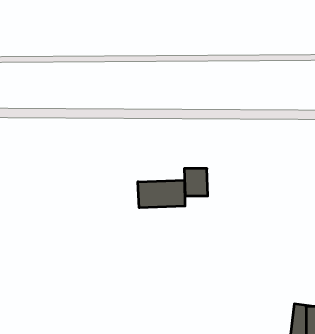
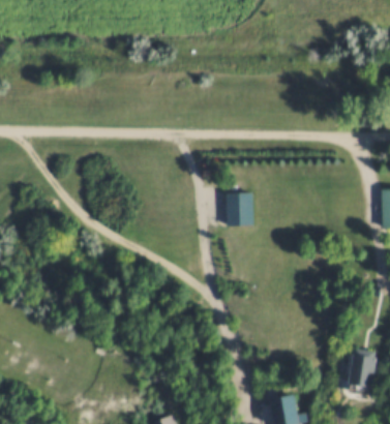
building: [138,180,185,208] -> none

